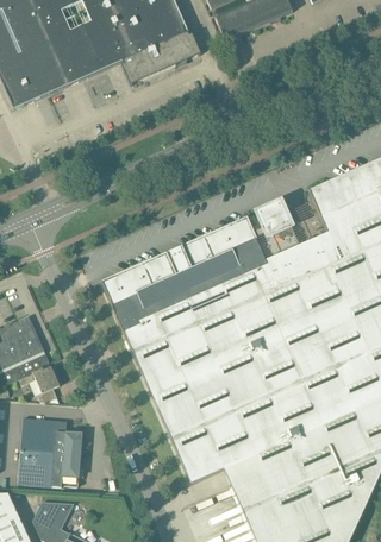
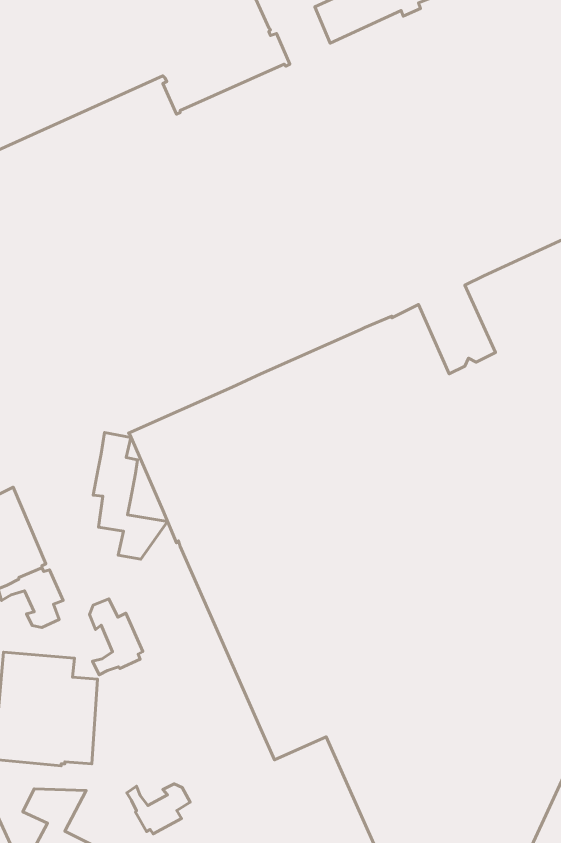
building: none -> [93,433,168,559]
building: none -> [90,599,143,675]
building: none -> [127,784,190,834]

